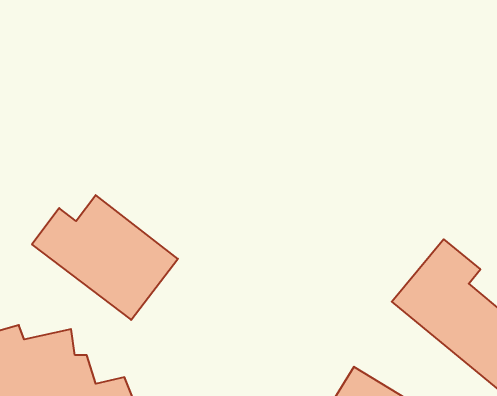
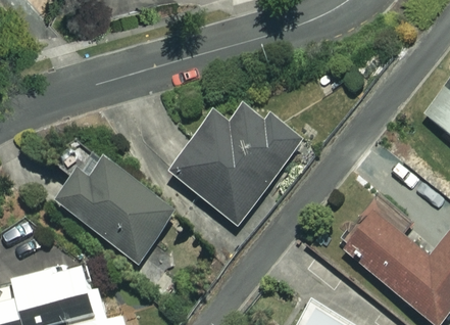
building: none -> [172,110,298,222]

